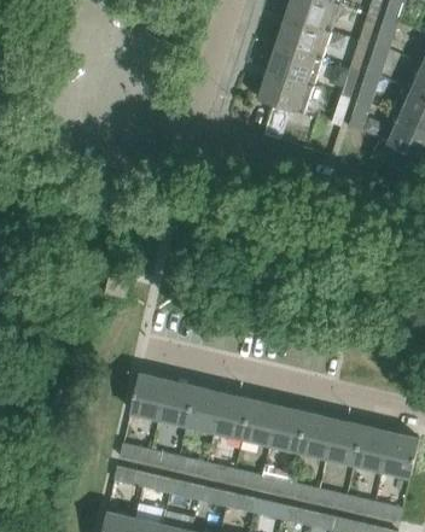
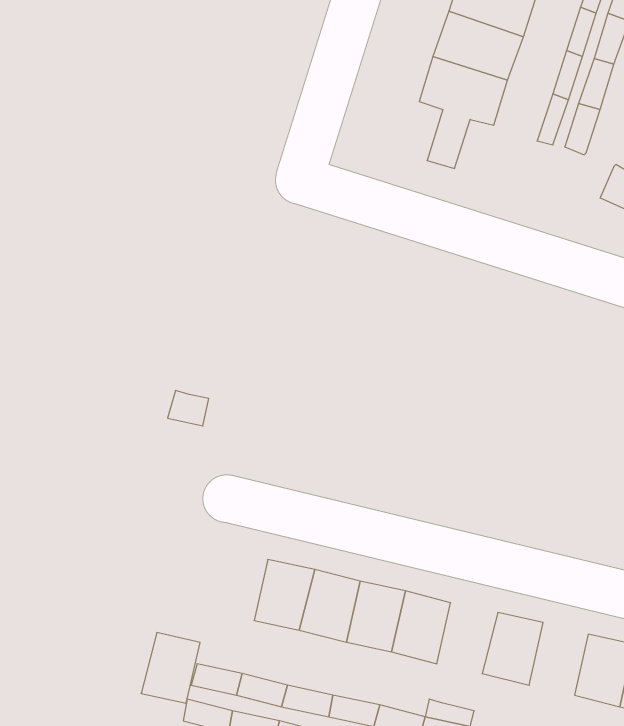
building: [129,374,165,417] -> [141,633,200,703]
building: [269,407,307,450] -> none
building: [326,419,362,463] -> none

